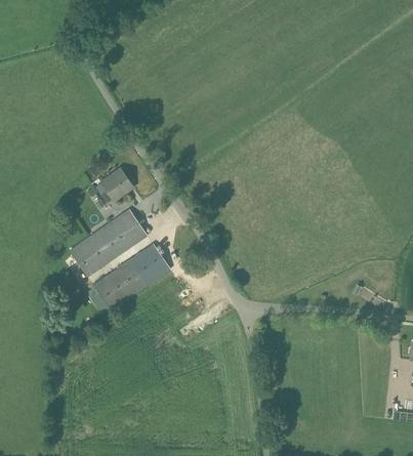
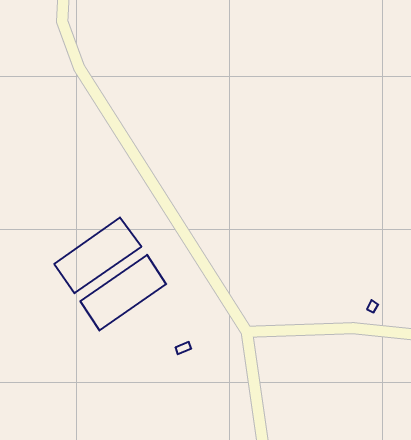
building: [100,171,132,201] -> none

